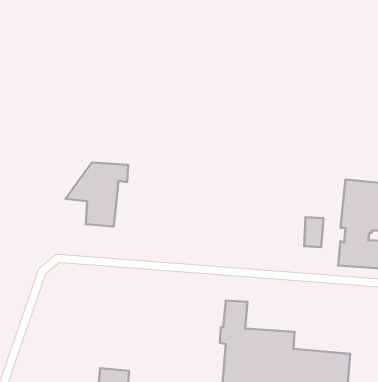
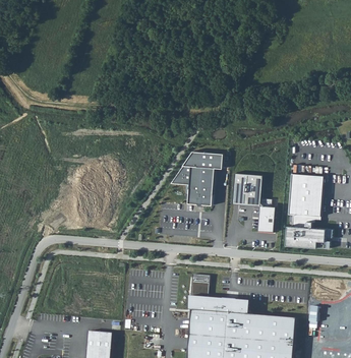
building: [65,162,128,227] -> [171,151,224,204]
building: none -> [231,171,260,202]

